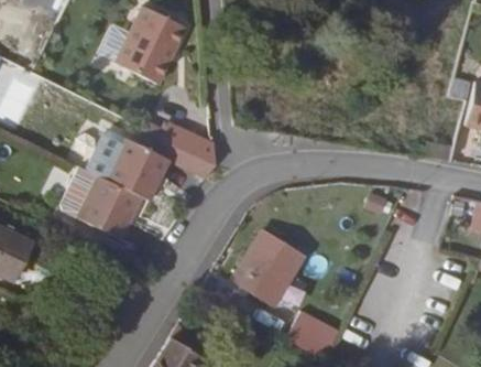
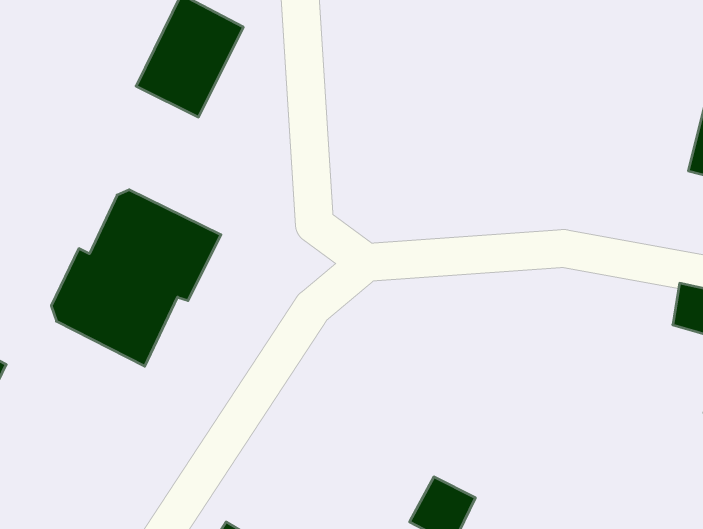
building: [163,122,212,168] -> none
building: [232,234,304,311] -> none

